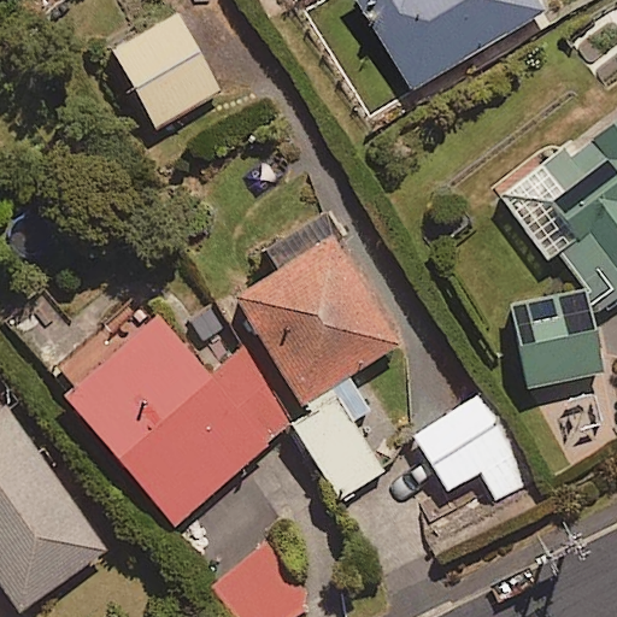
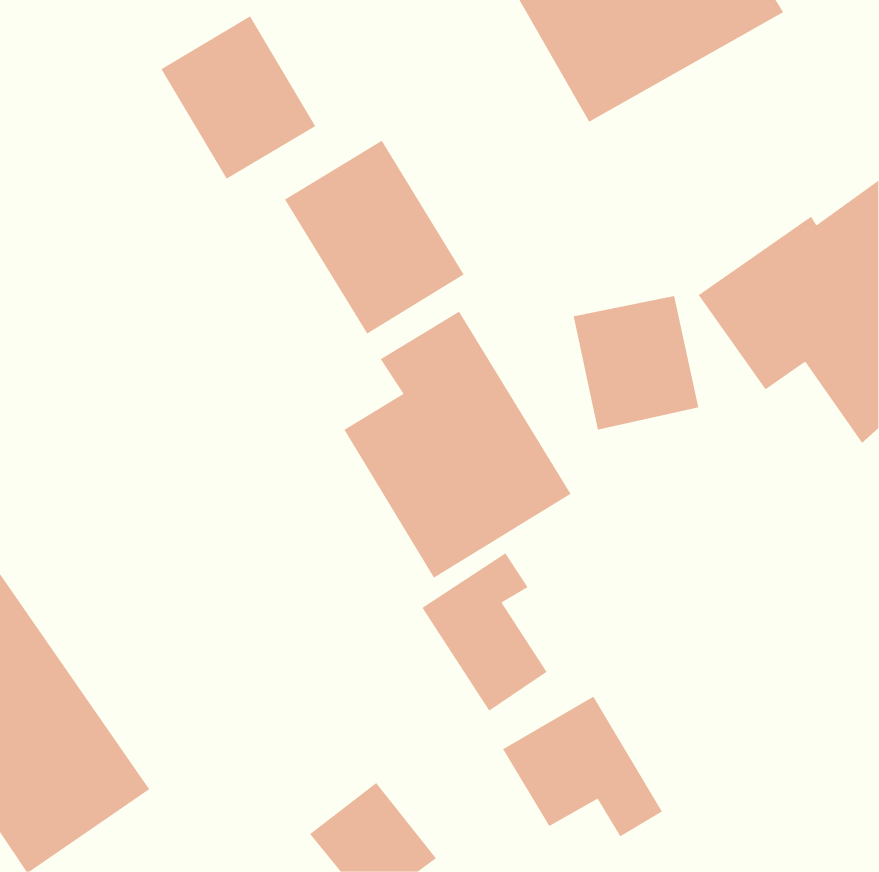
building: none -> [284,140,465,334]
building: [513,293,601,387] -> [573,295,699,430]
building: [67,319,295,525] -> none
building: [413,394,525,493] -> [502,696,663,837]

